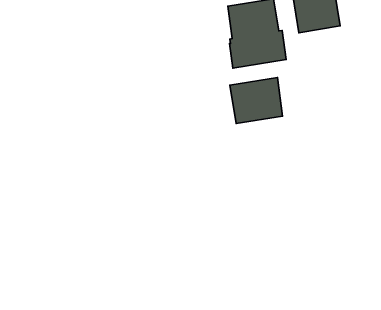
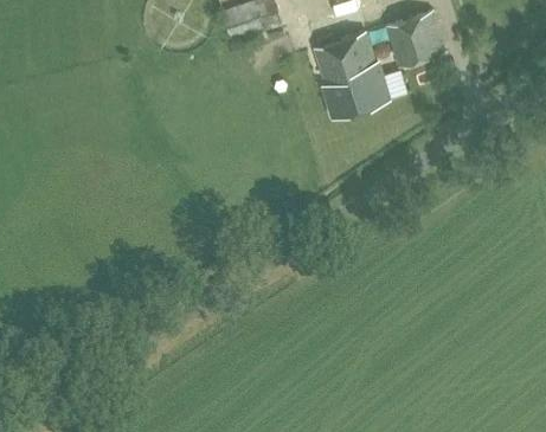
building: [230,77,282,123] -> none

